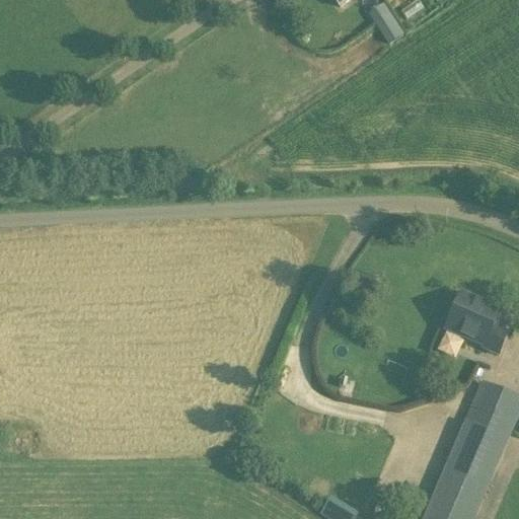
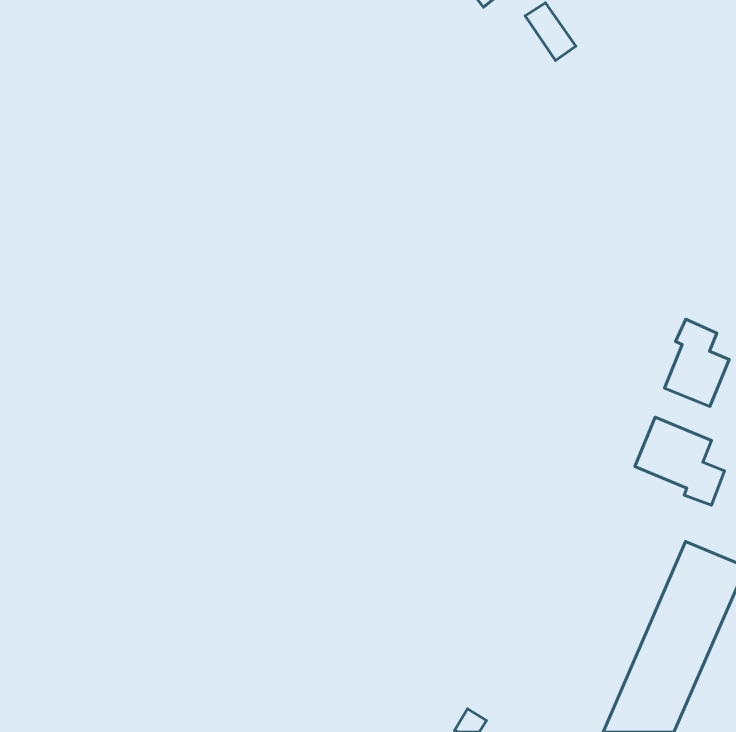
building: none -> [665,319,729,407]

